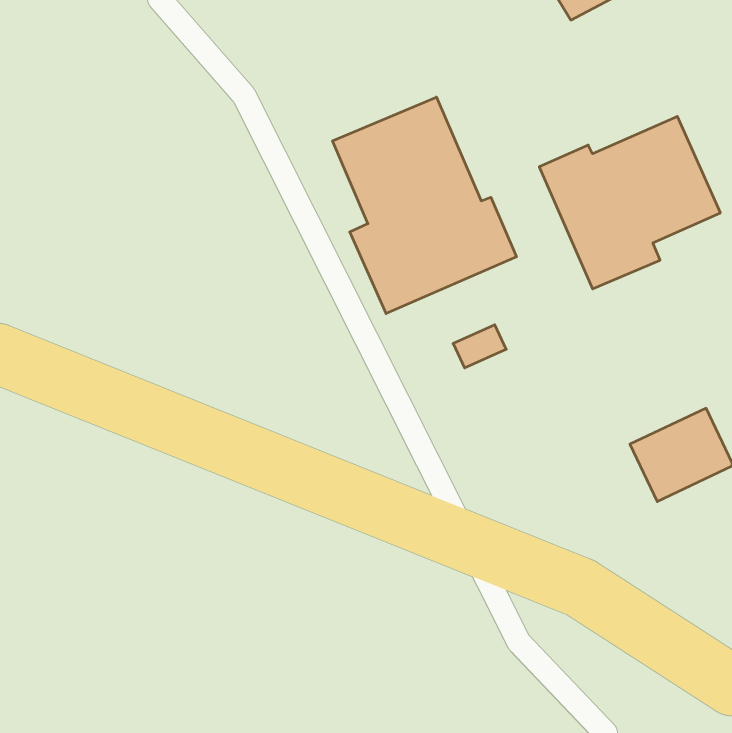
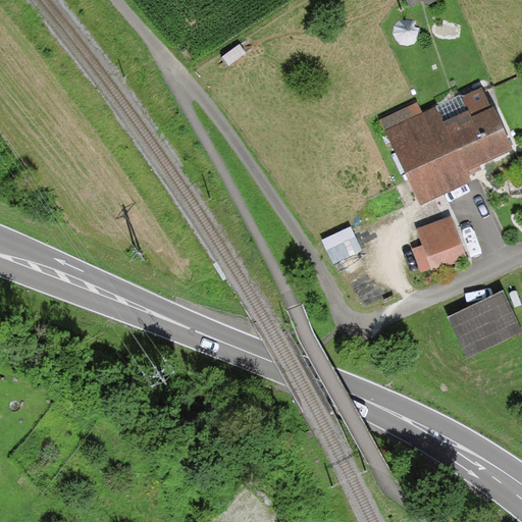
building: [333,97,516,314] -> none
building: none -> [417,214,468,270]

